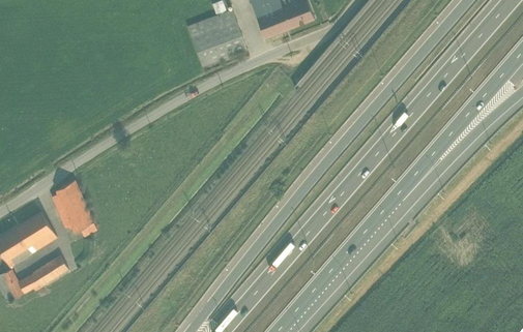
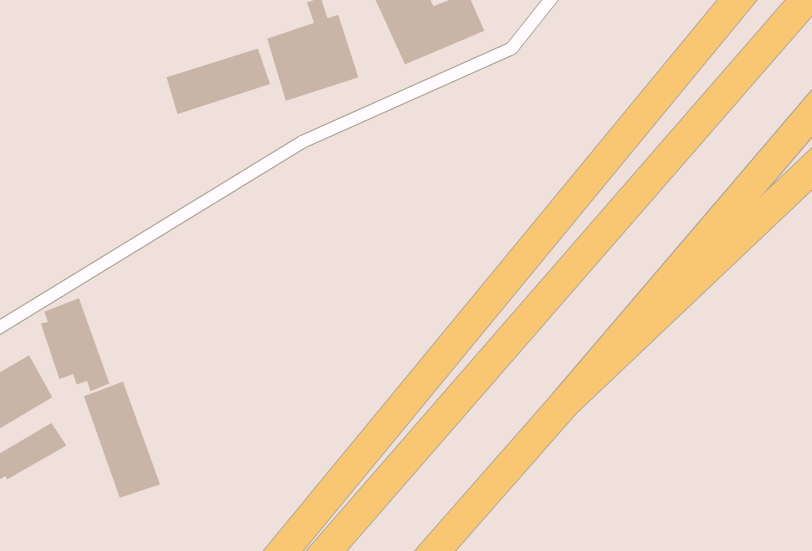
building: none -> [166,47,271,115]
building: none -> [83,380,161,499]

